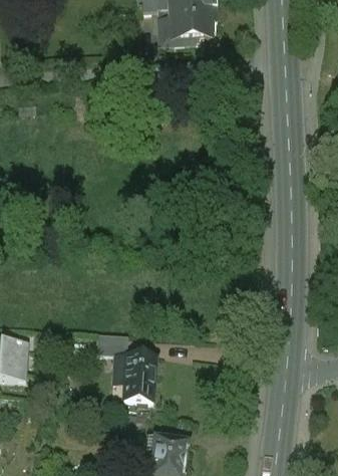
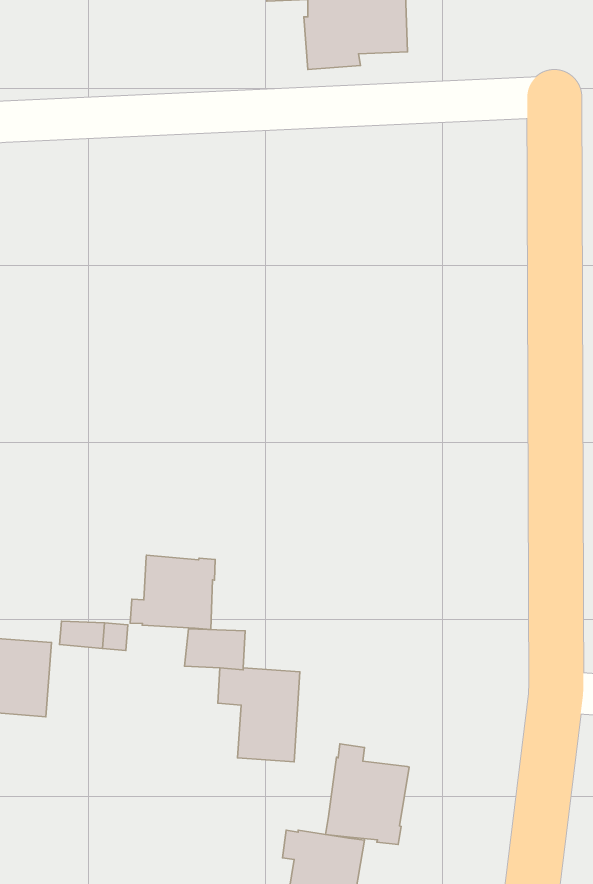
building: none -> [130,555,215,630]
building: none -> [326,744,409,845]

